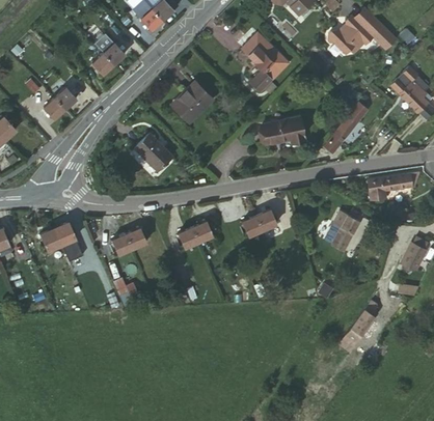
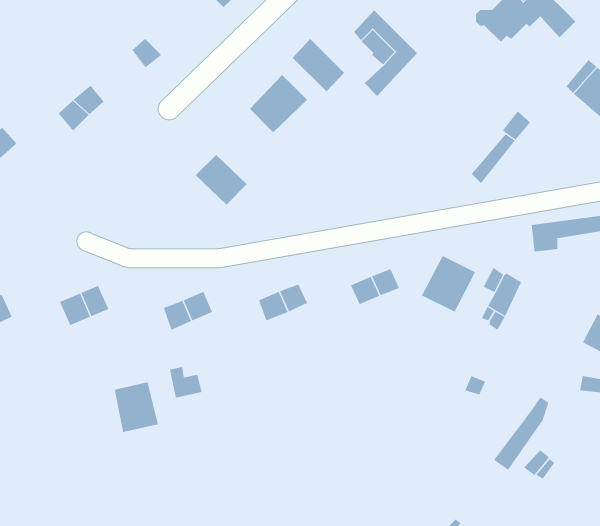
building: [93,33,125,64] -> none
building: none -> [292,38,345,92]
building: [265,119,308,147] -> none
building: none -> [421,255,476,312]
building: none -> [114,382,158,433]

